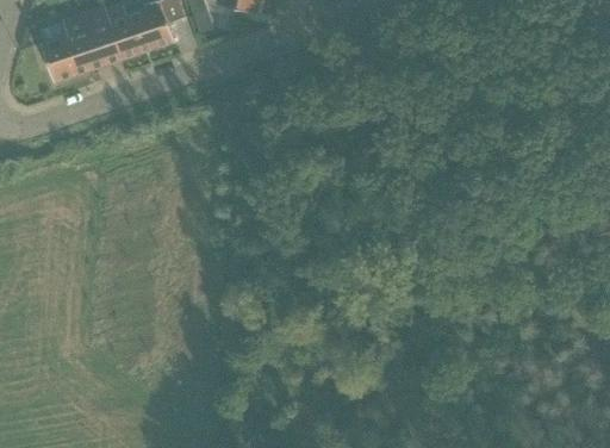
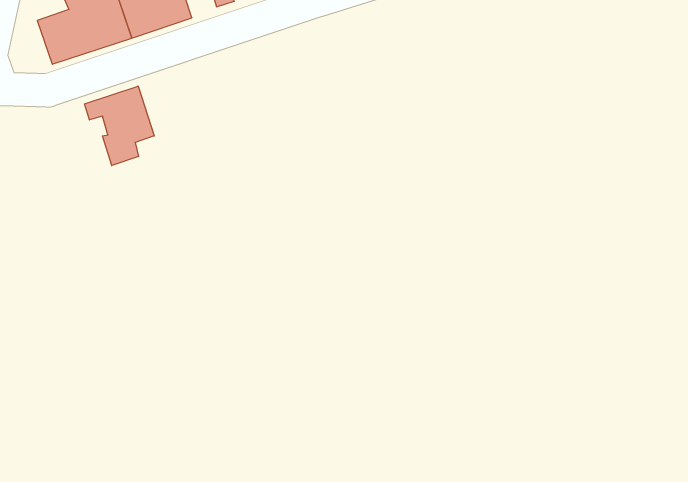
building: none -> [85,86,154,166]

